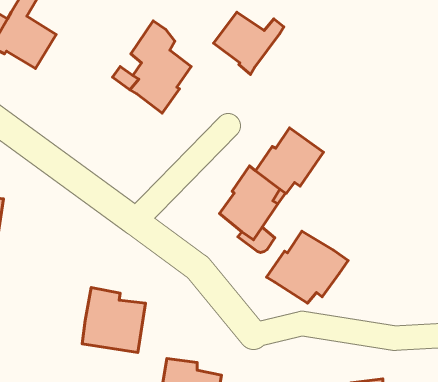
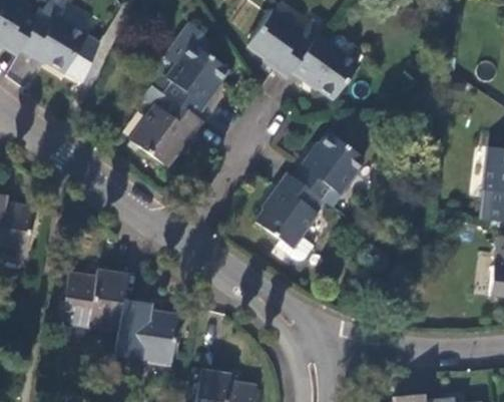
building: none -> [293,36,359,99]
building: none -> [131,98,202,166]
building: [266,231,348,303] -> none
building: none -> [63,270,127,332]

